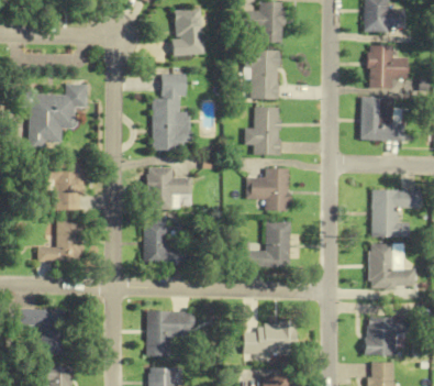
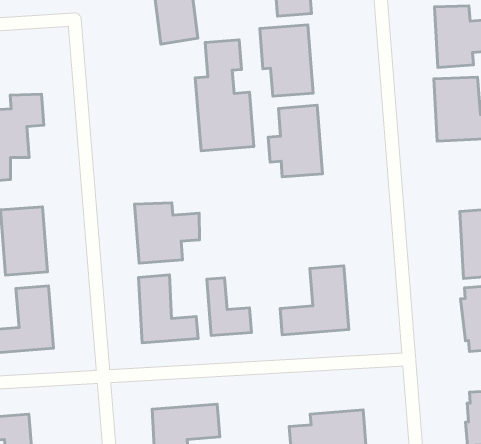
building: [152,75,189,151] -> [195,40,254,151]
building: [247,169,289,211] -> none
building: none -> [207,278,252,336]

